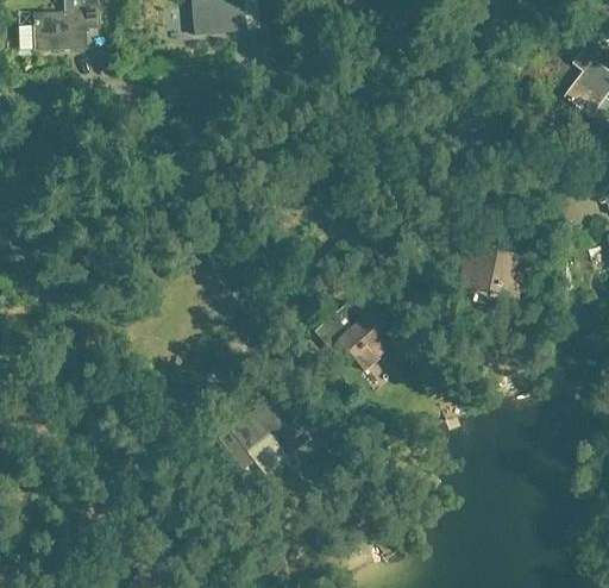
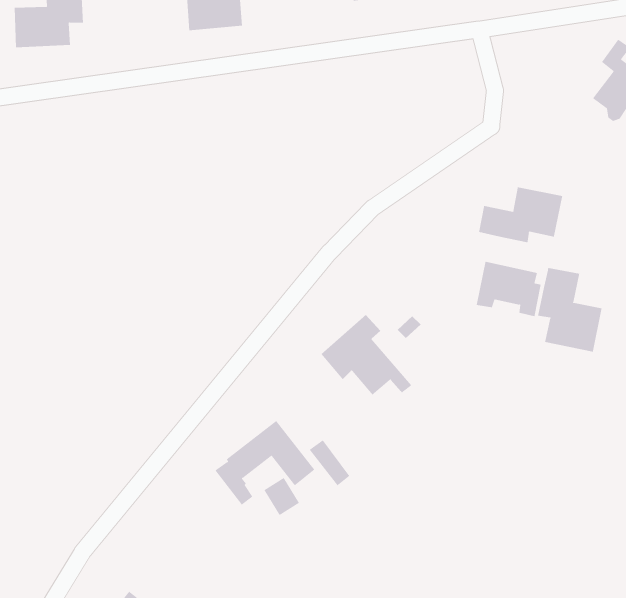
building: none -> [479,187,563,243]
building: none -> [537,267,602,353]

